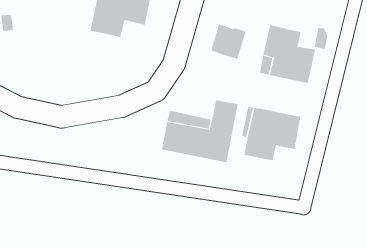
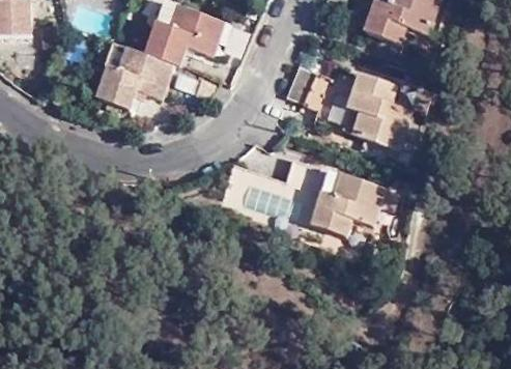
building: none -> [97,45,173,109]

